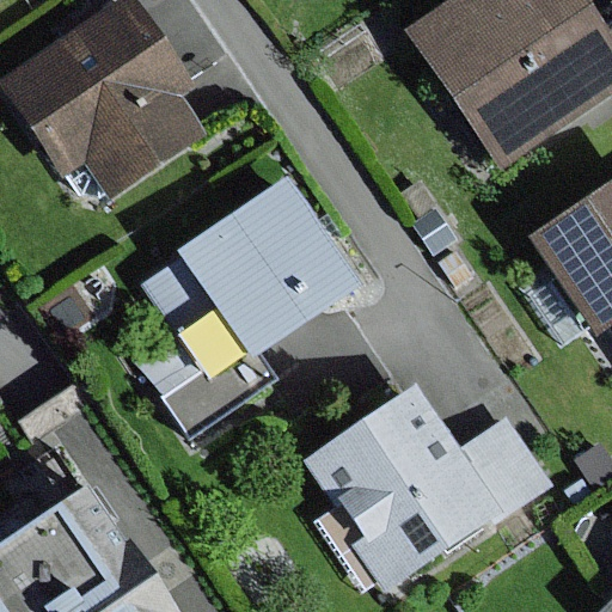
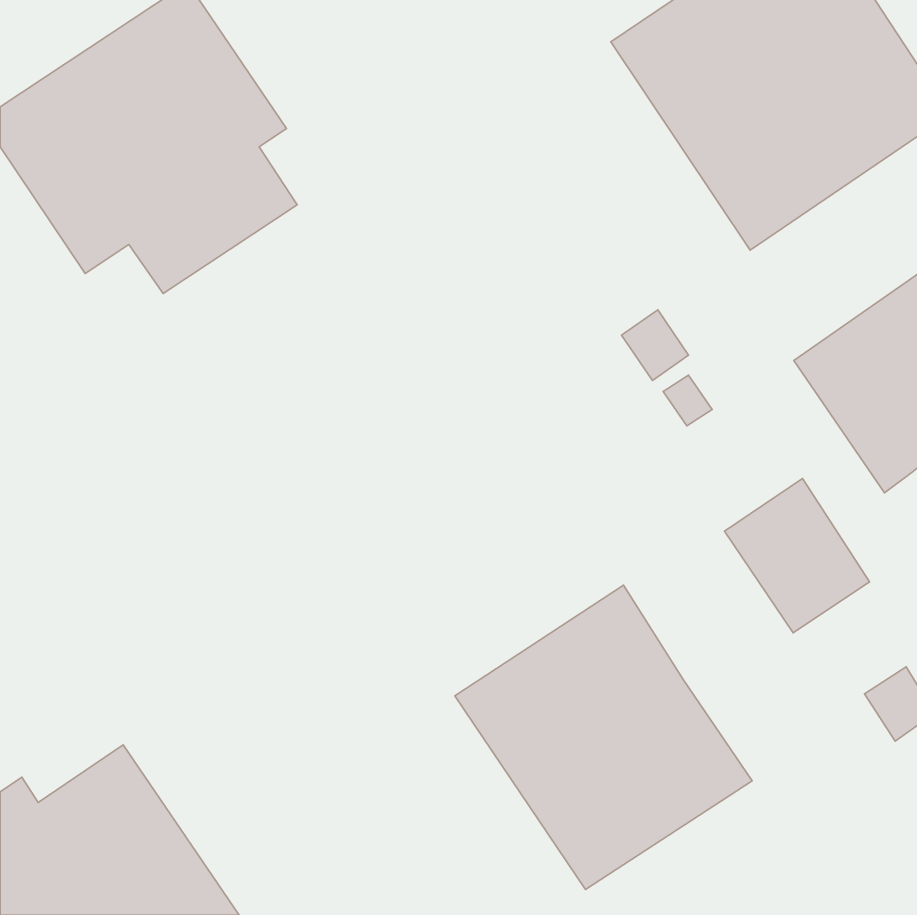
building: [136,177,361,432] -> none
building: [457,414,552,515] -> [724,479,869,633]

